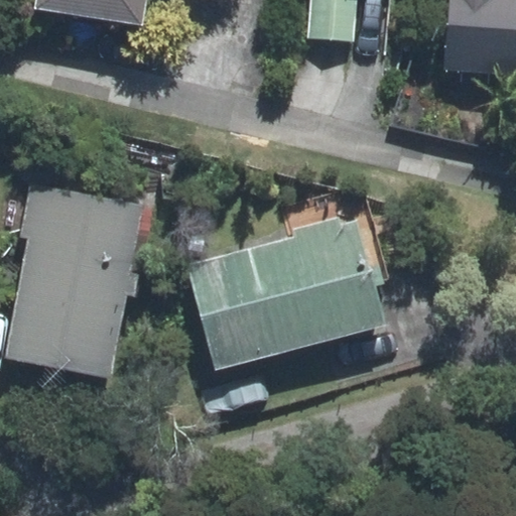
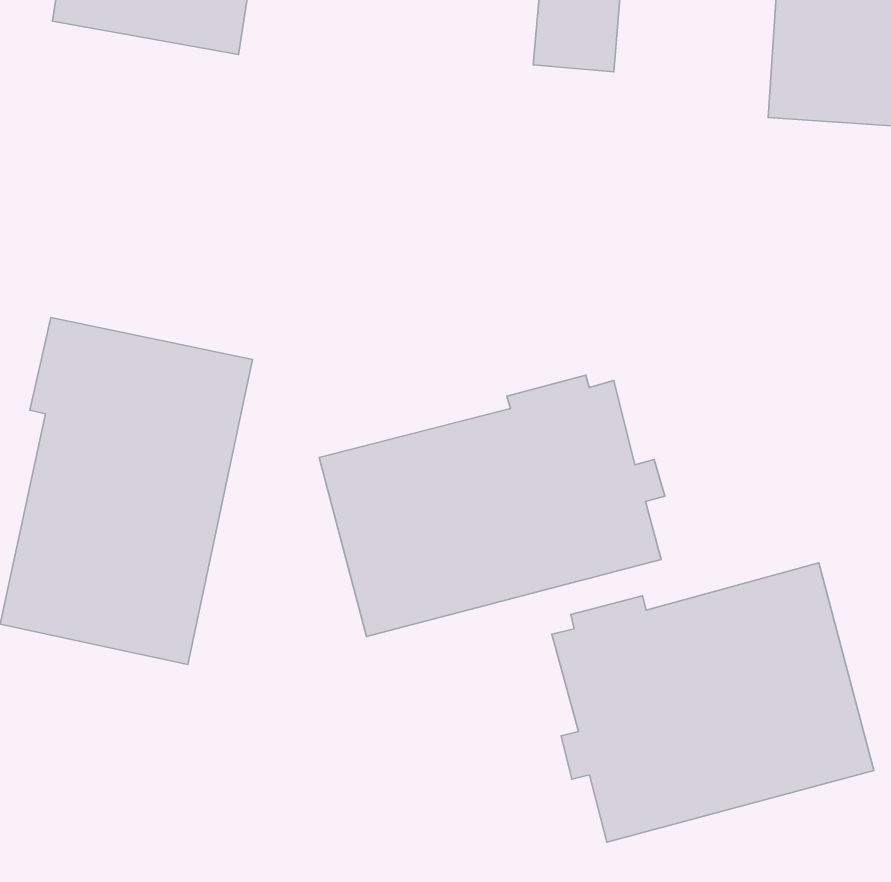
building: none -> [552,563,874,842]

